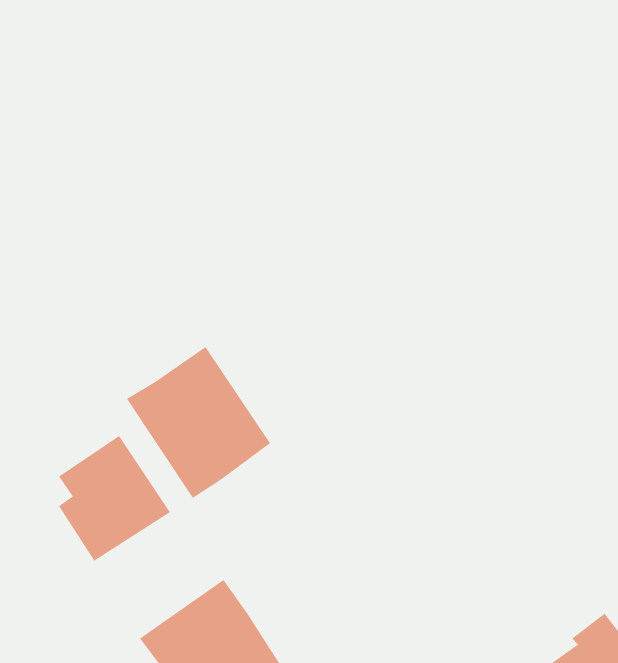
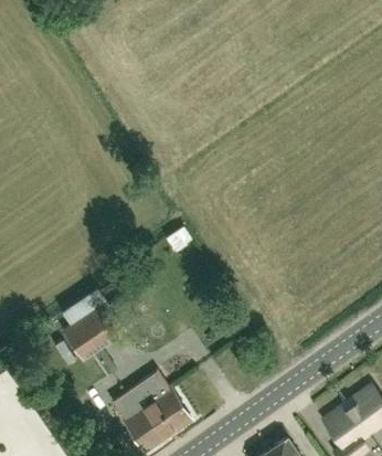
building: [126,346,271,499] -> none

